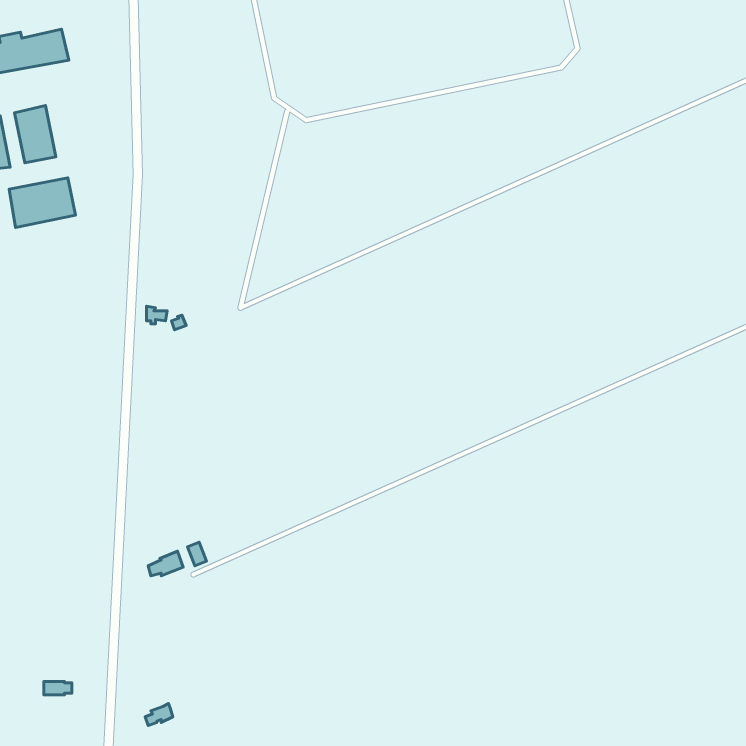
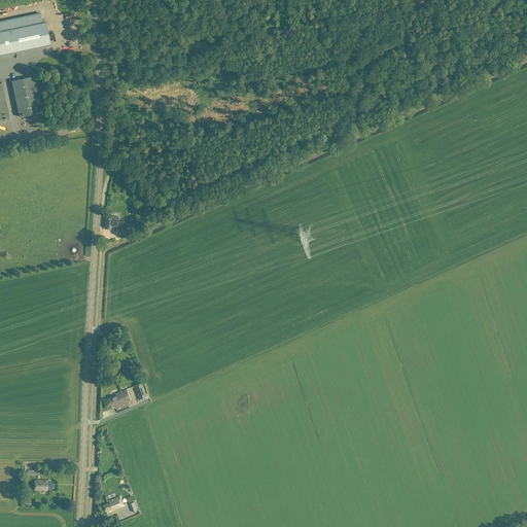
building: [9,178,76,227] -> none

